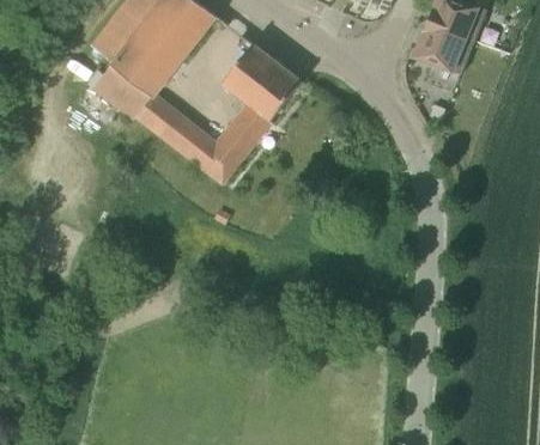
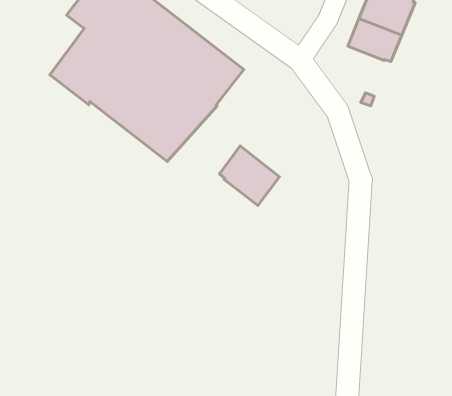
building: none -> [220,146,280,205]

